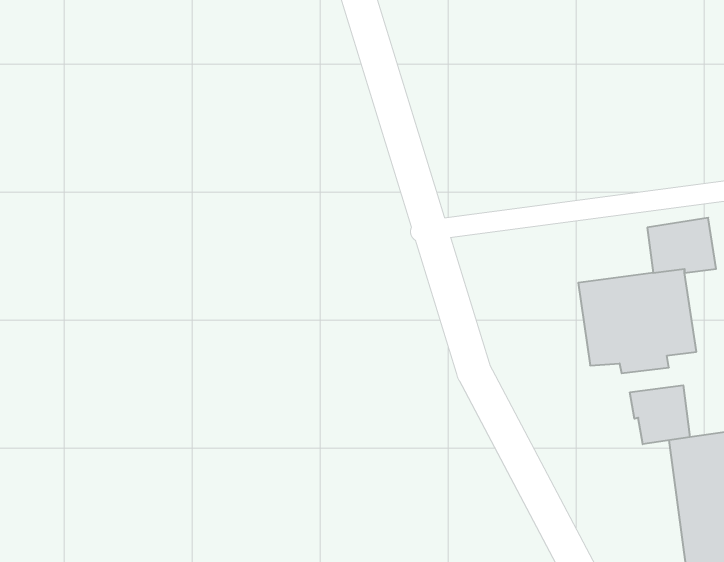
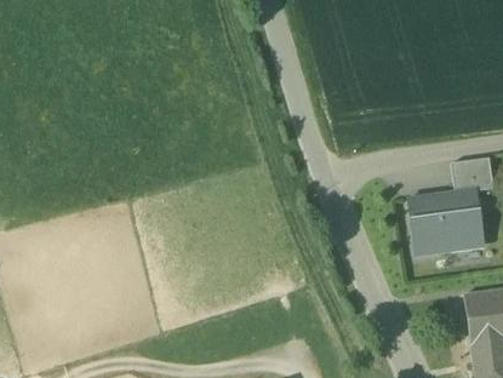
building: [630,385,690,444] -> none

